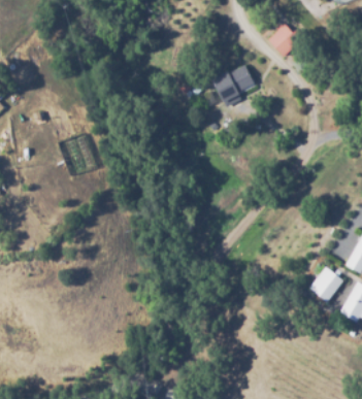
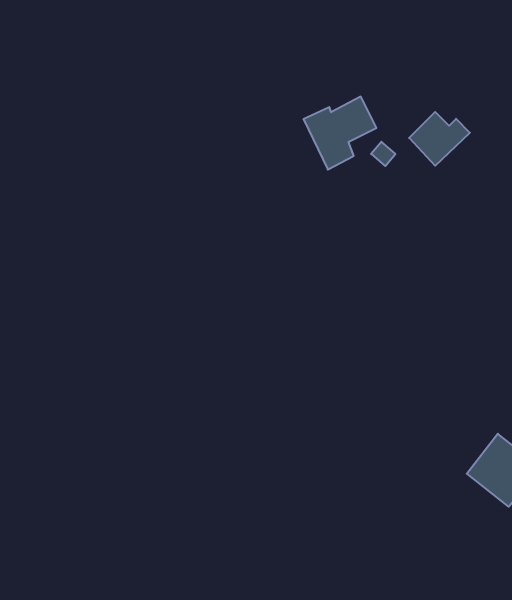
building: [265,24,301,56] -> [409,112,470,166]

